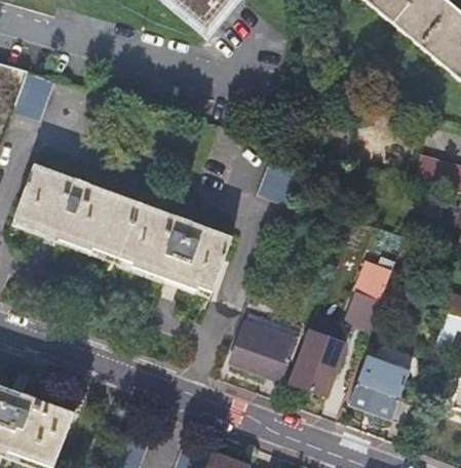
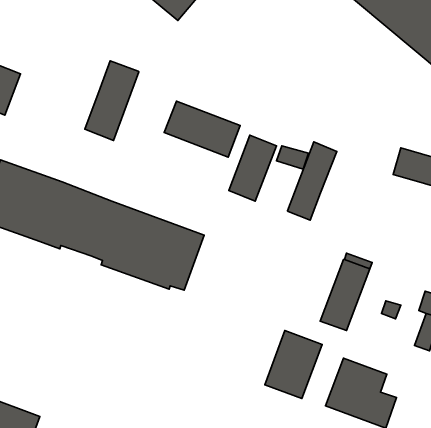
building: none -> [85,61,139,140]
building: none -> [164,101,240,157]
building: none -> [287,142,337,220]
building: [231,320,294,379] -> none

